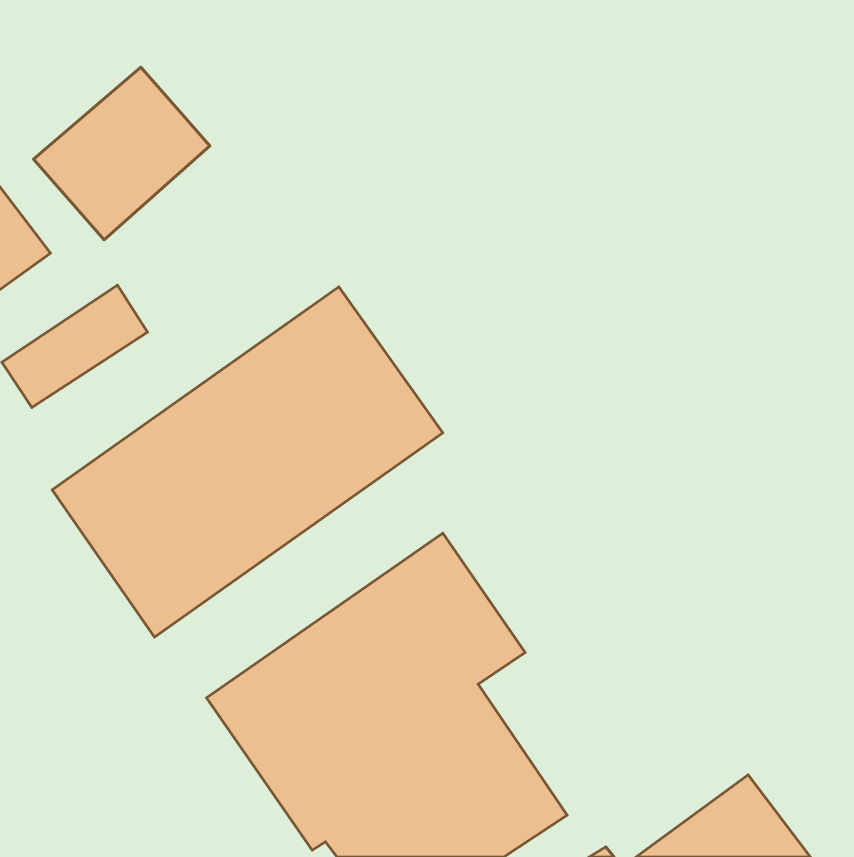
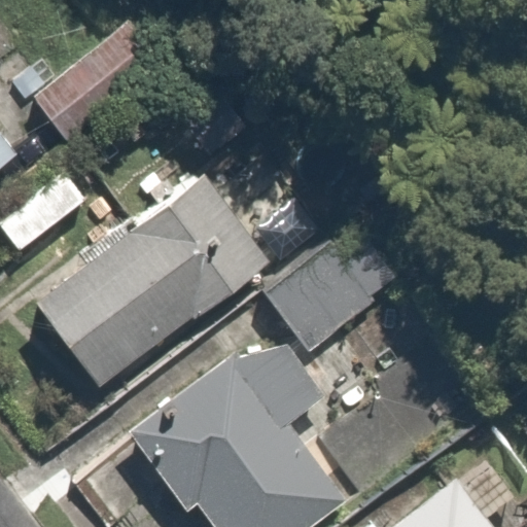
building: none -> [261,229,393,355]

